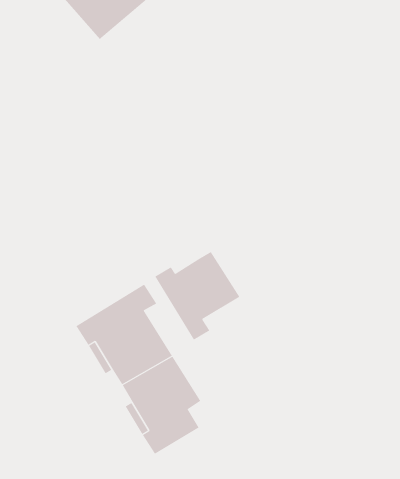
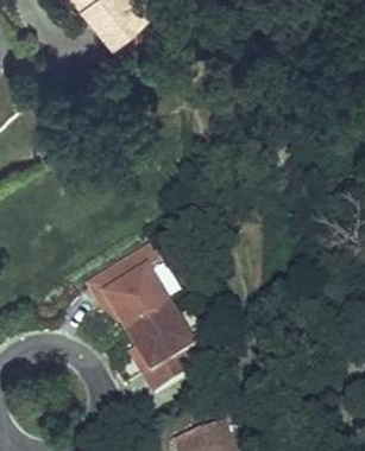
building: [154,251,240,340] -> none

